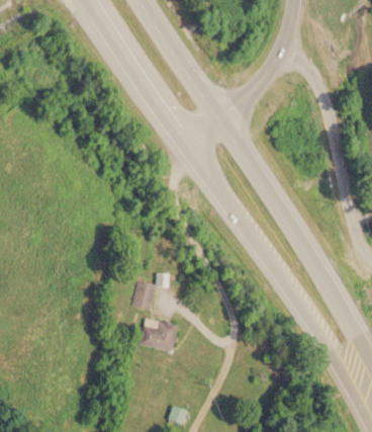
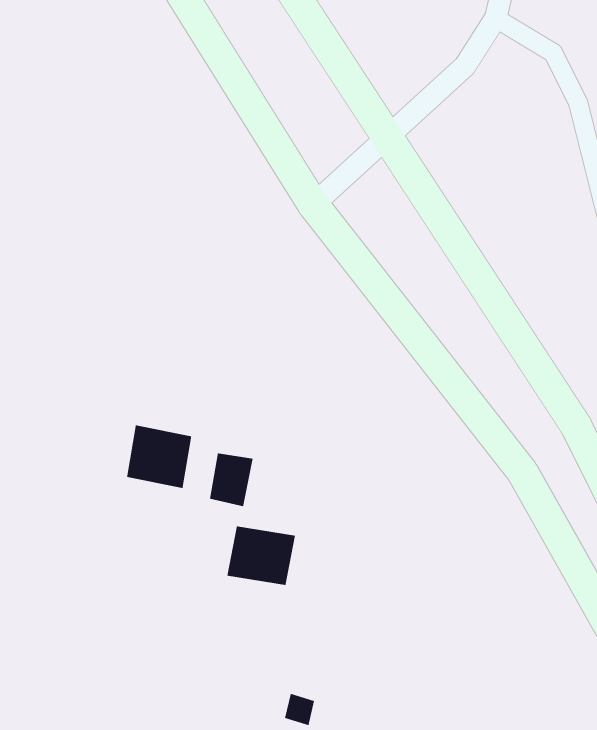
building: none -> [126,425,192,489]

